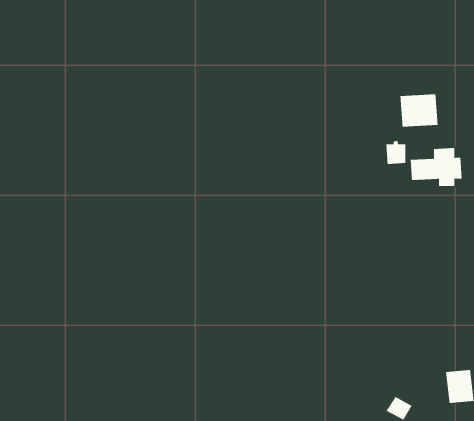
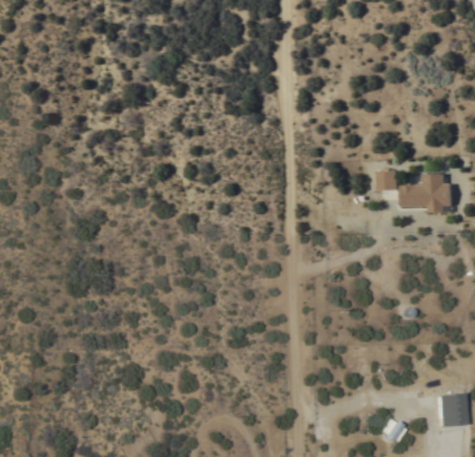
building: [400,93,438,128] -> none

